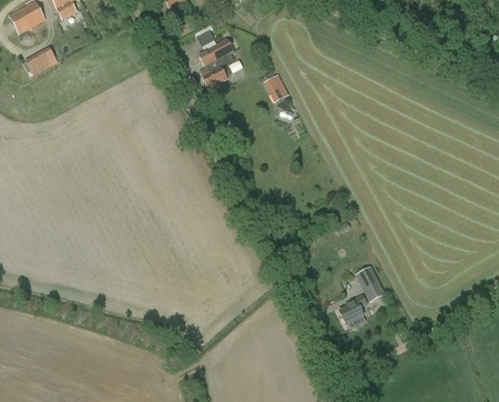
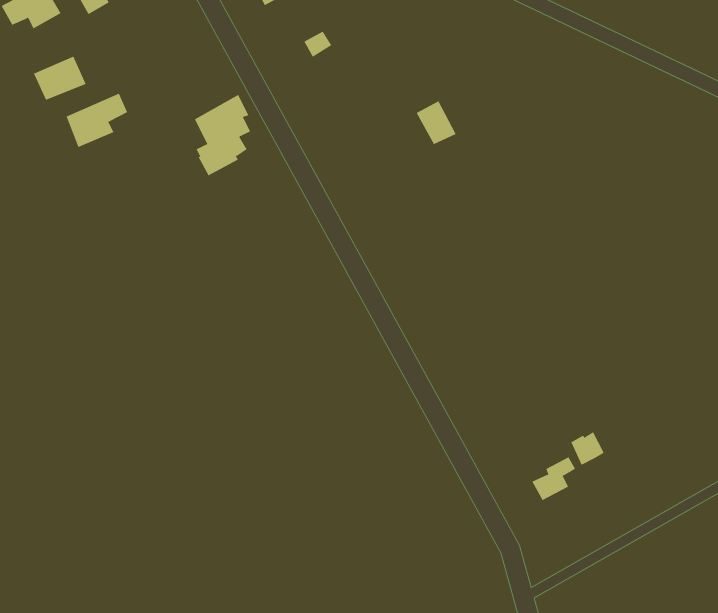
building: [198,37,234,88] -> [194,94,251,176]
building: none -> [66,93,128,148]

